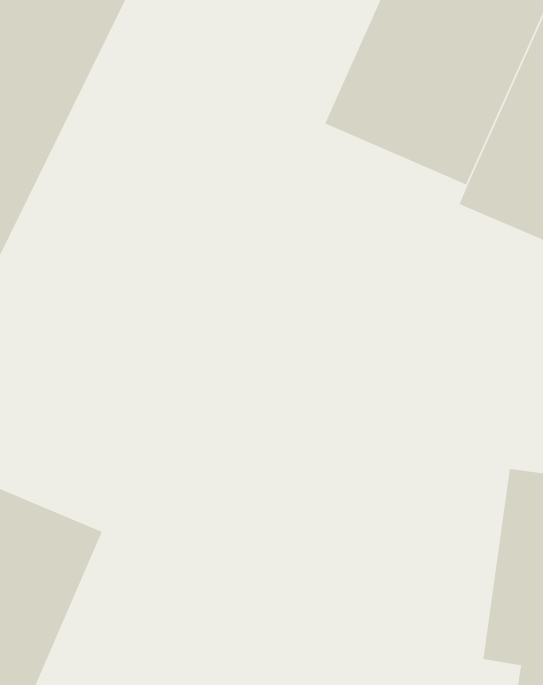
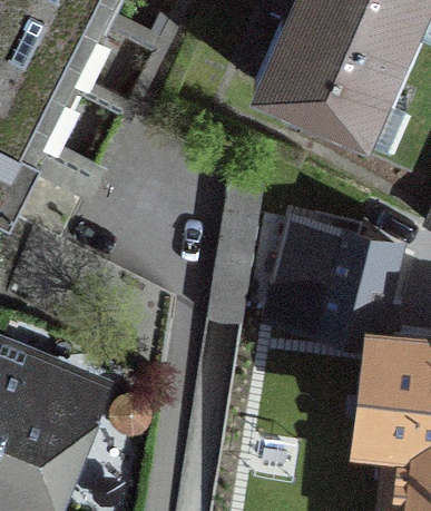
building: none -> [277,229,394,343]

